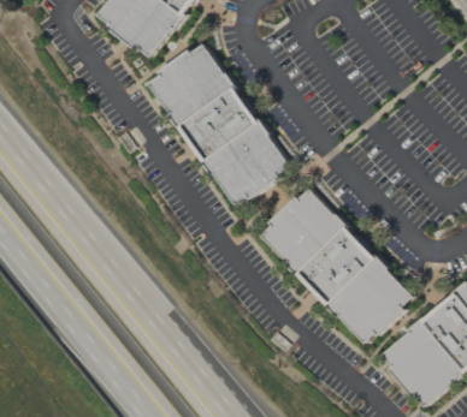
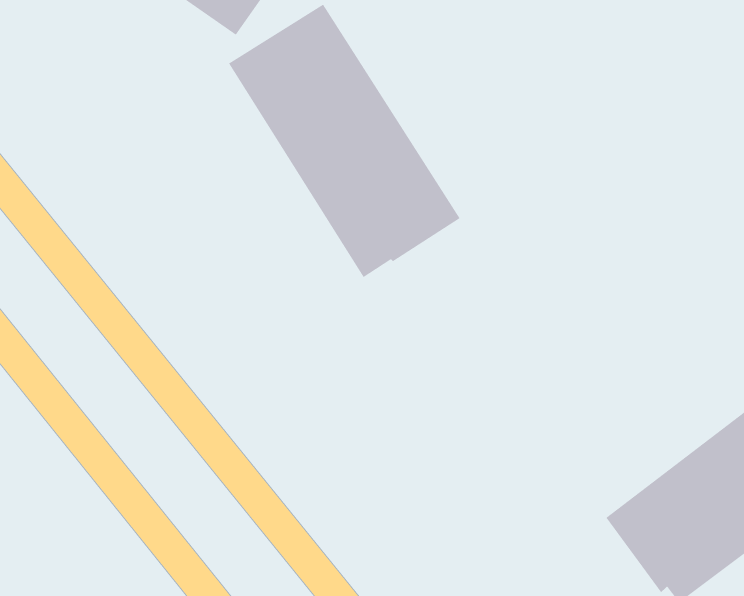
building: [258,185,415,342] -> none

